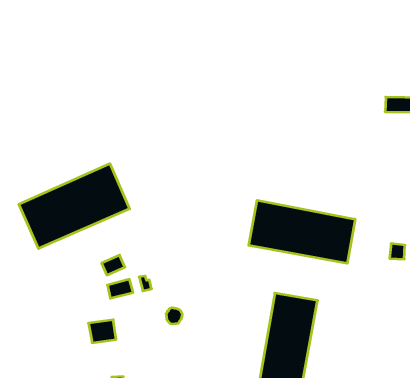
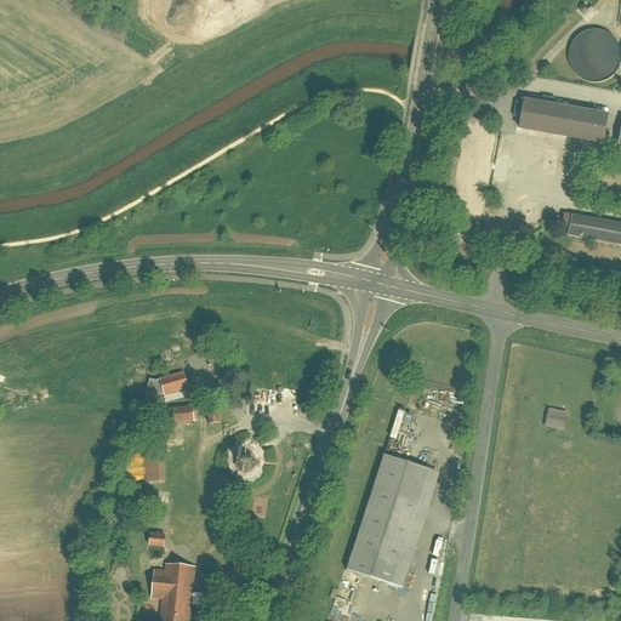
building: none -> [517,97,606,139]
building: [19,164,130,249] -> none
building: [249,200,355,263] -> none

